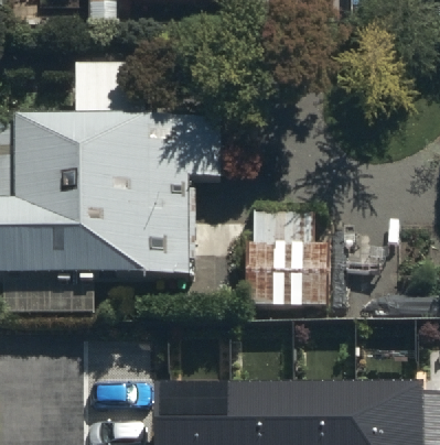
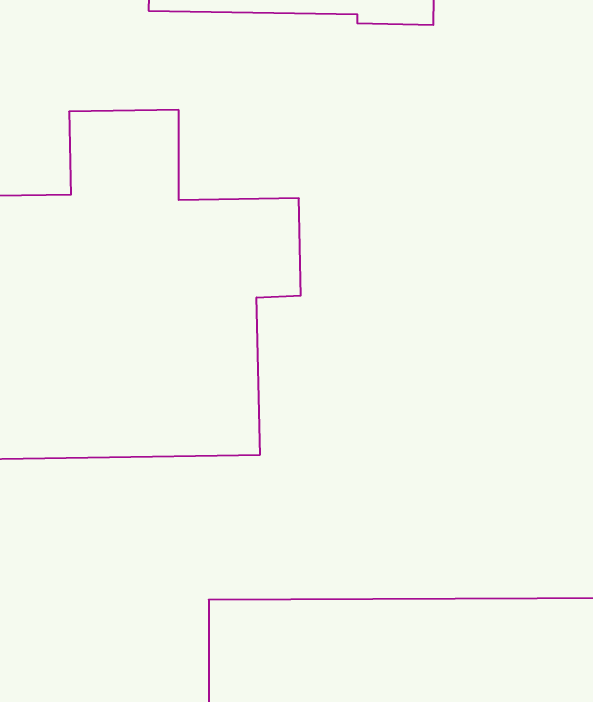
building: [248,217,329,311] -> none

